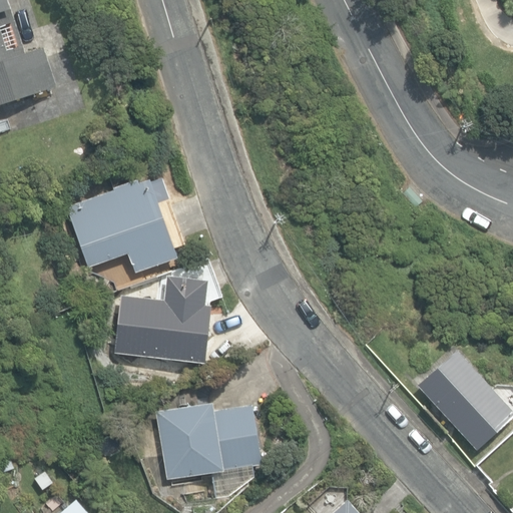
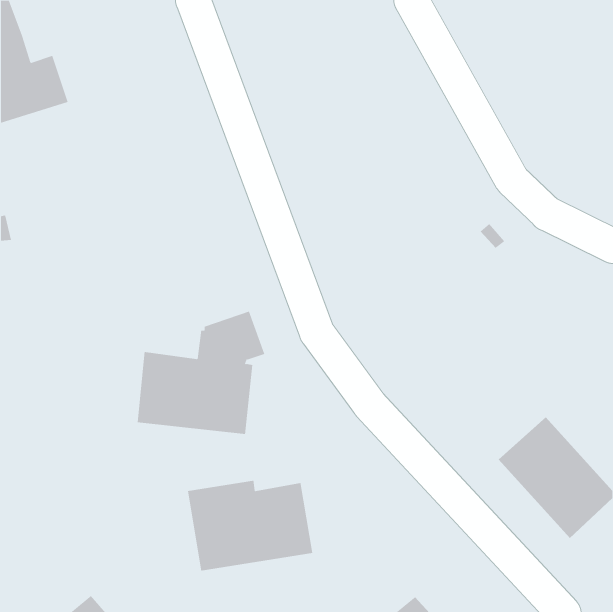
building: [66,179,176,273] -> none

